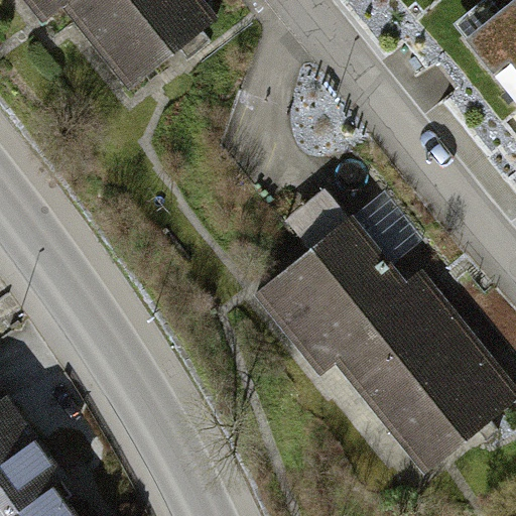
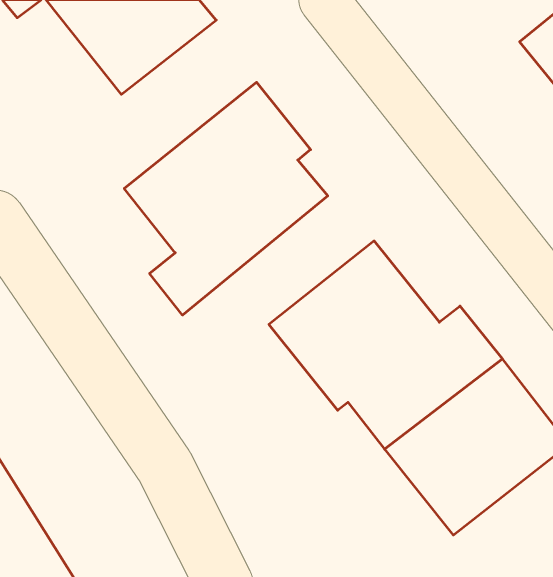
building: none -> [124,82,328,315]

